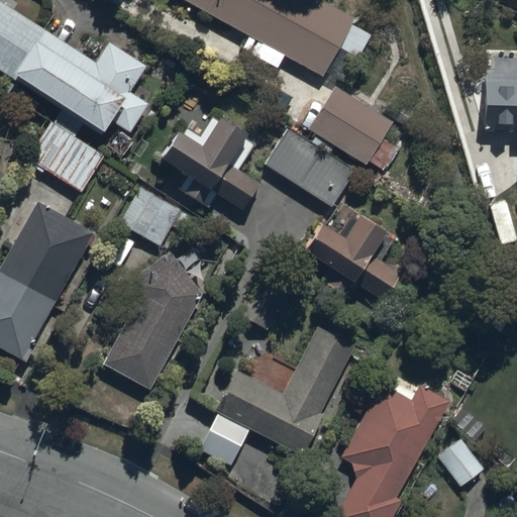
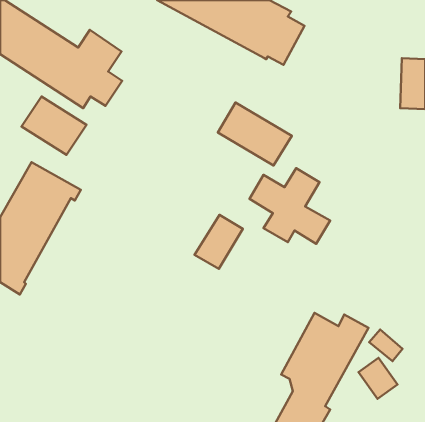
building: [297,85,392,165] -> none
building: [161,110,258,209] -> none
building: [117,183,181,246] -> none
building: [103,250,202,389] -> none
building: [198,325,354,467] -> none

